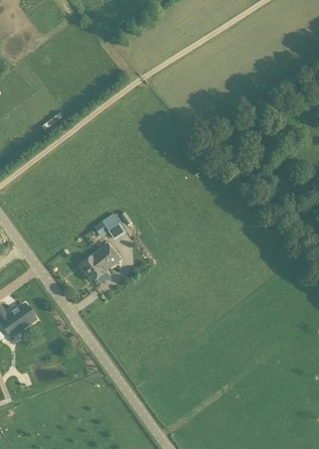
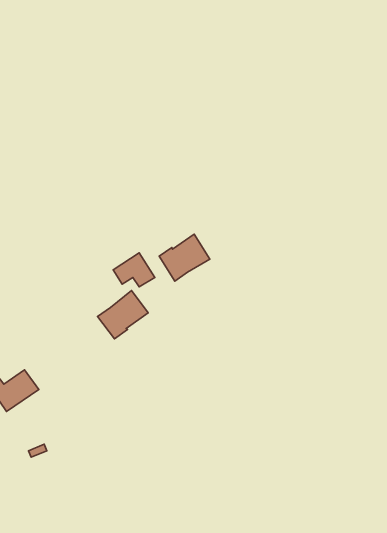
building: none -> [159,234,210,281]

